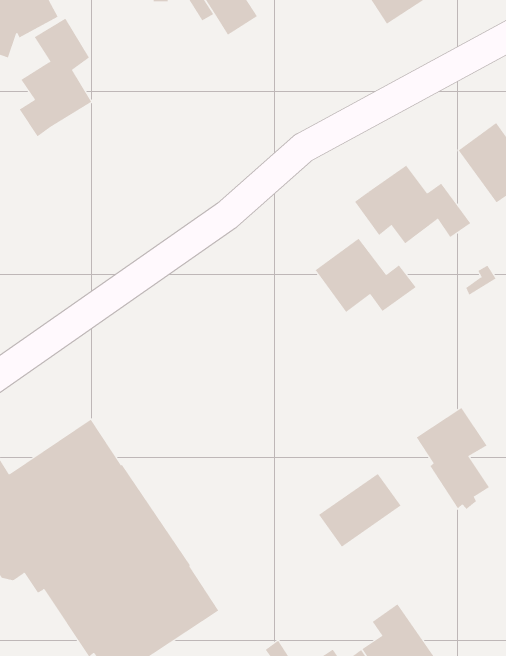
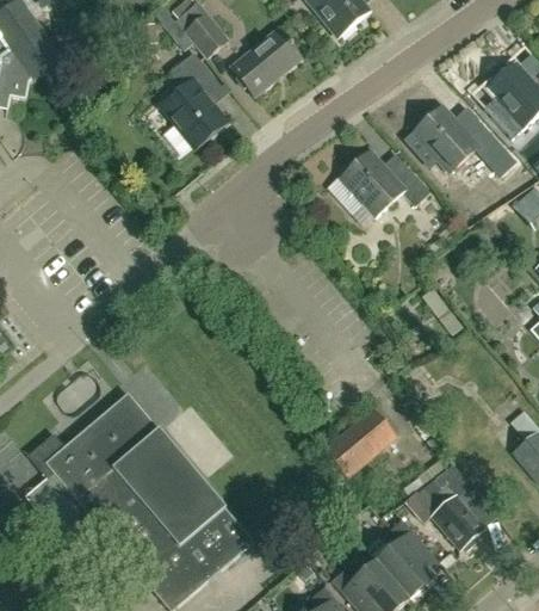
building: none -> [230,27,299,93]
building: [19,18,92,137] -> [161,50,223,153]
building: [315,238,416,313] -> none
building: [416,407,490,510] -> [417,463,484,549]

